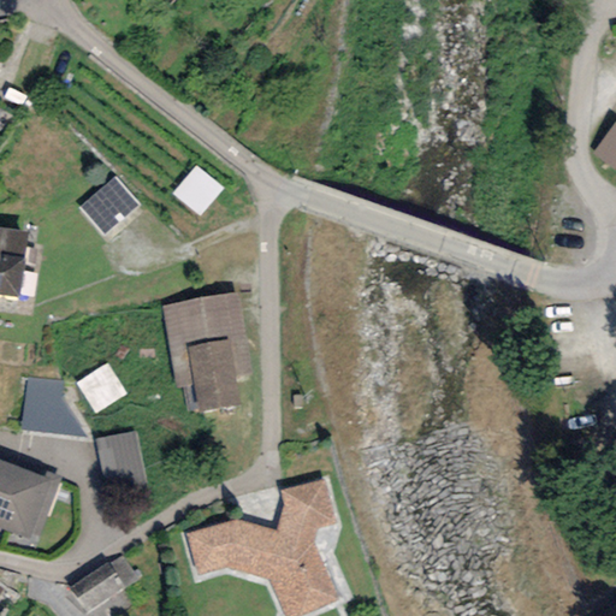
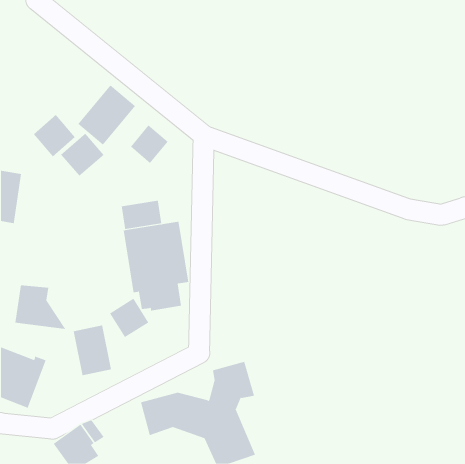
building: none -> [78,85,136,145]
building: none -> [33,114,76,157]
building: none -> [121,200,162,230]
building: [76,360,129,413] -> [109,298,149,338]

